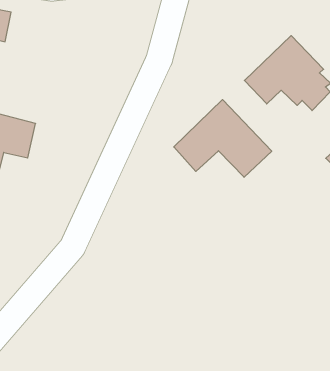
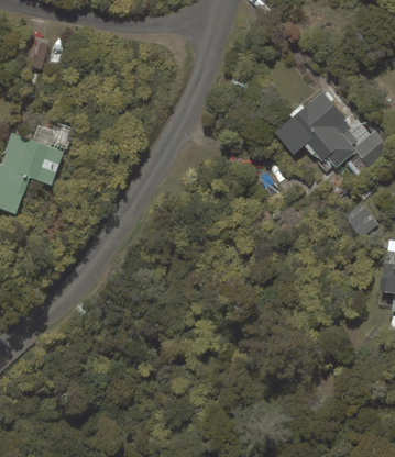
building: [174,100,272,177] -> none

